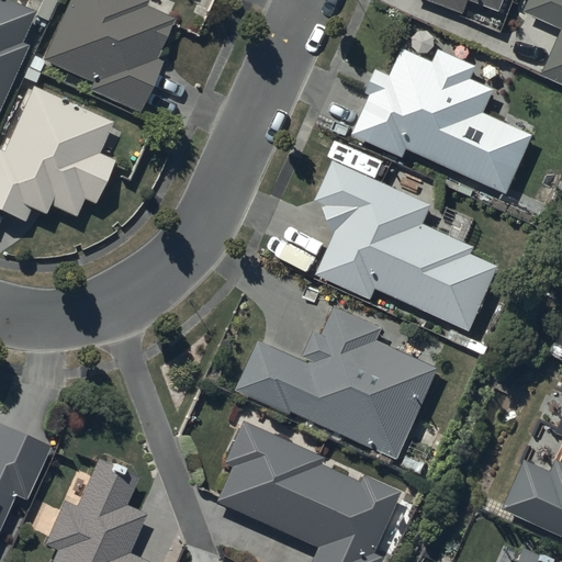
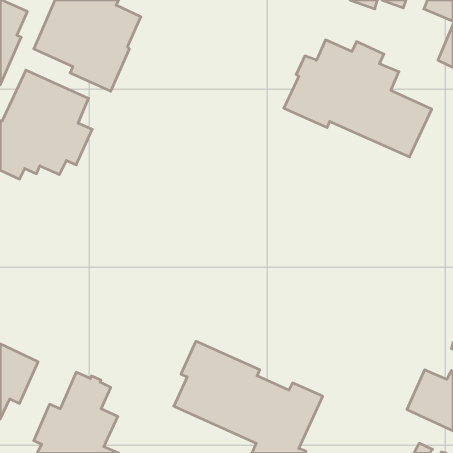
building: [315,159,499,330] -> none
building: [237,306,439,458] -> none

